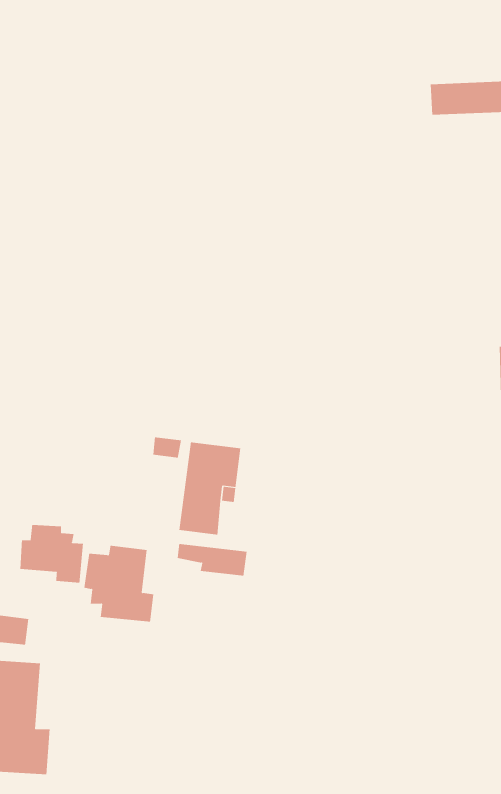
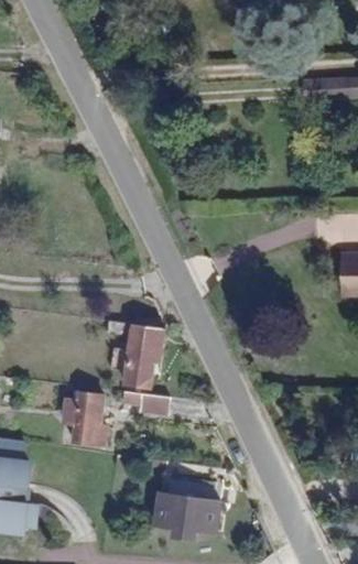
building: [20,524,84,583] -> none
building: none -> [155,474,224,538]

